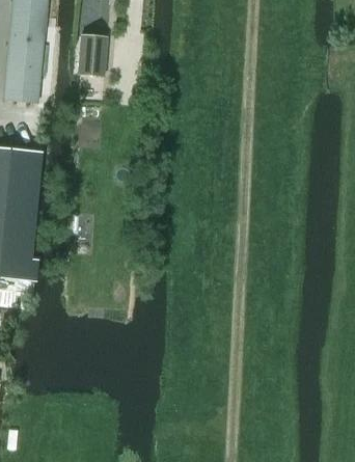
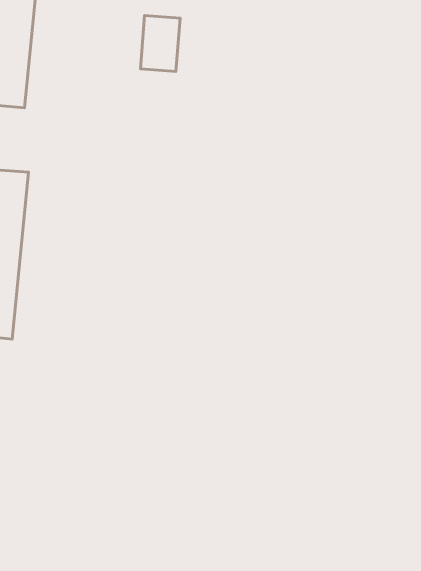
building: [78,32,108,75] -> [140,15,180,72]

